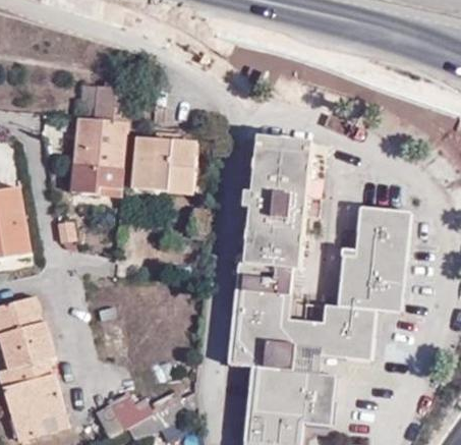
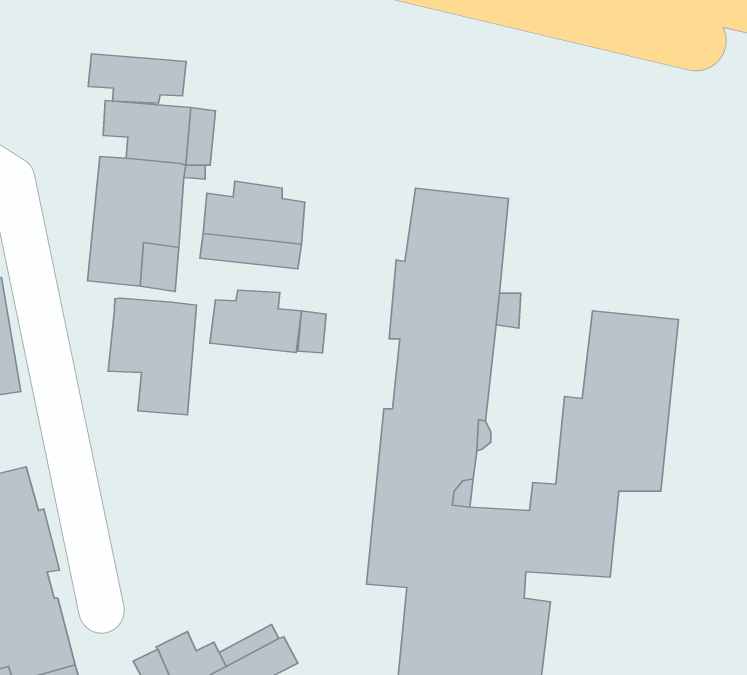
building: none -> [88,54,186,103]
building: none -> [210,290,301,352]
building: none -> [108,298,196,415]

